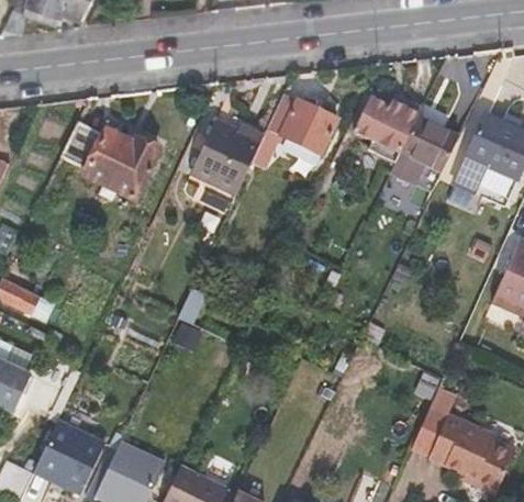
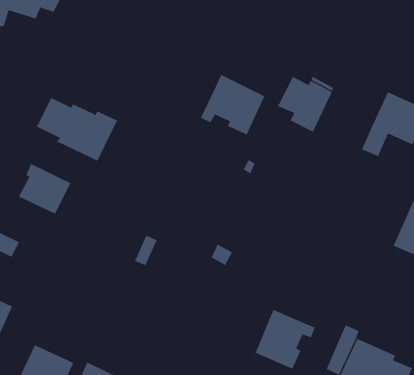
building: [391,116,460,186] -> none
building: [190,119,265,196] -> none
building: none -> [18,163,71,215]
building: none -> [255,309,316,370]

